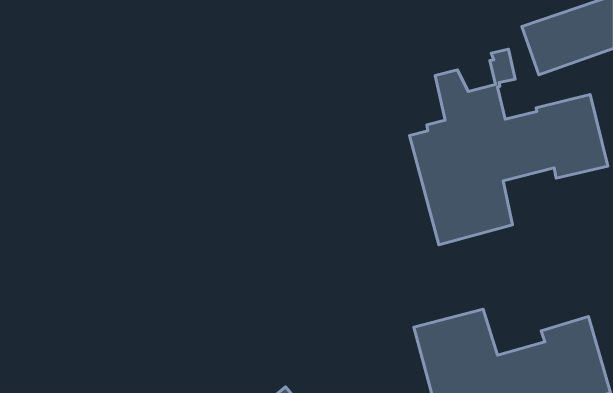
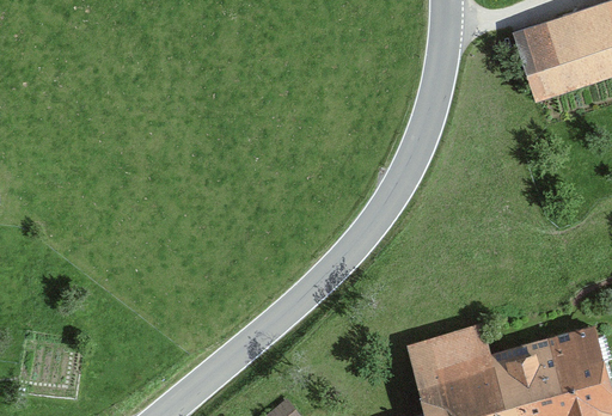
building: [409,49,608,245] -> none

